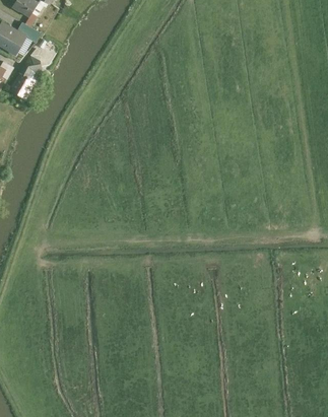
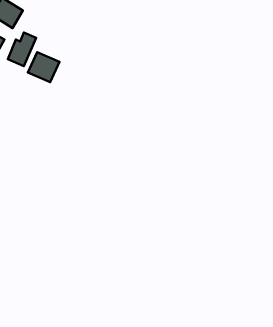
building: none -> [28,52,59,82]

